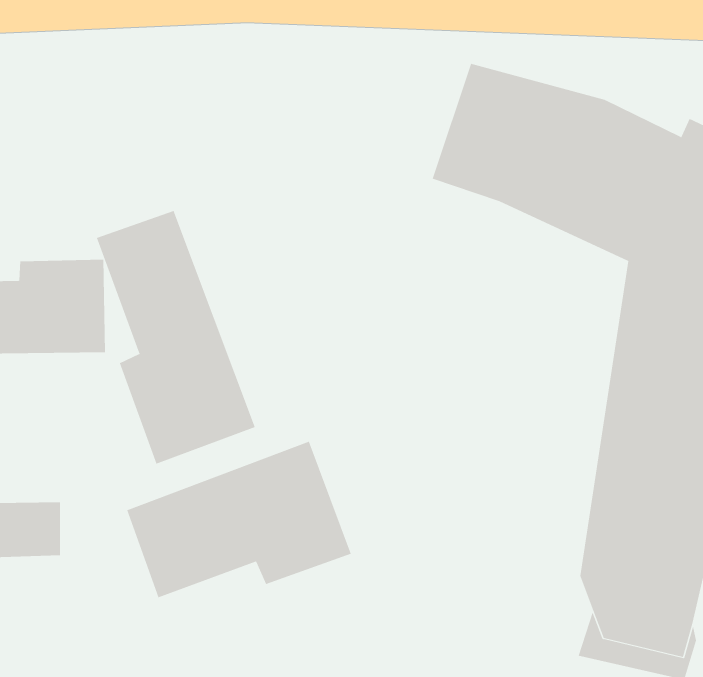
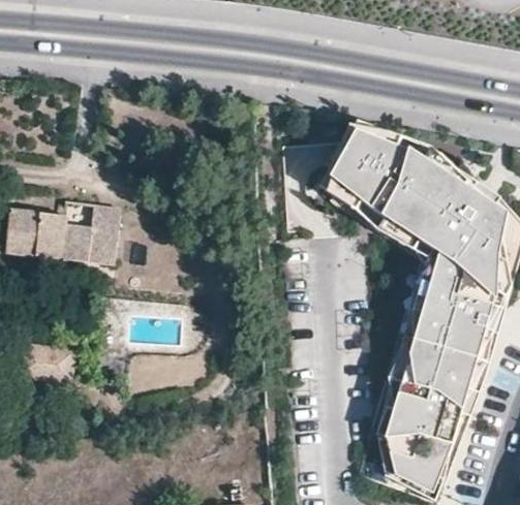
building: [96,210,255,464] -> none
building: [126,441,352,598] -> none

